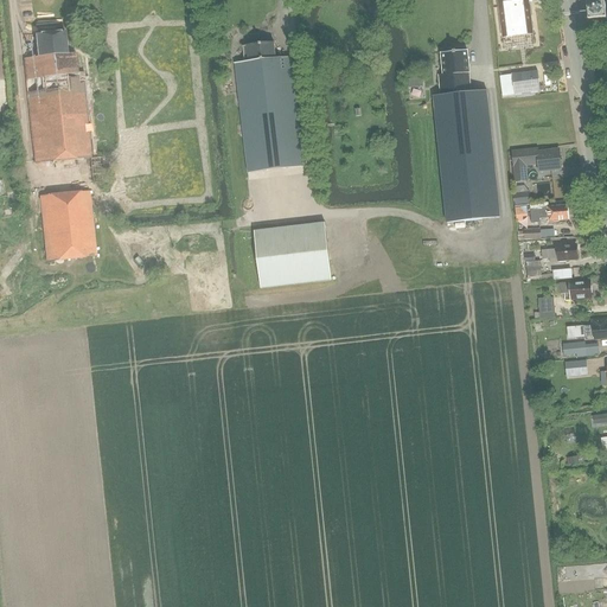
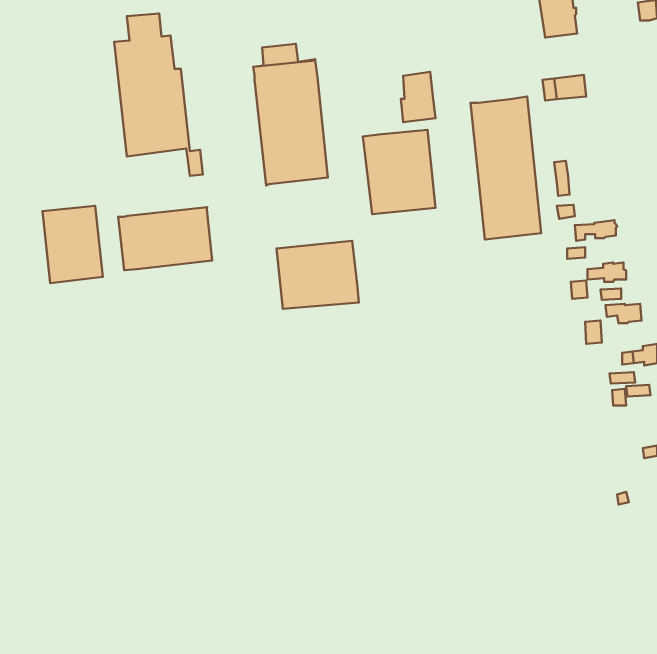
building: [23,30,104,179] -> [114,13,203,176]
building: [439,49,471,95] -> [401,72,435,122]
building: none -> [363,130,435,214]
building: [522,147,563,168] -> none
building: none -> [118,207,212,270]

